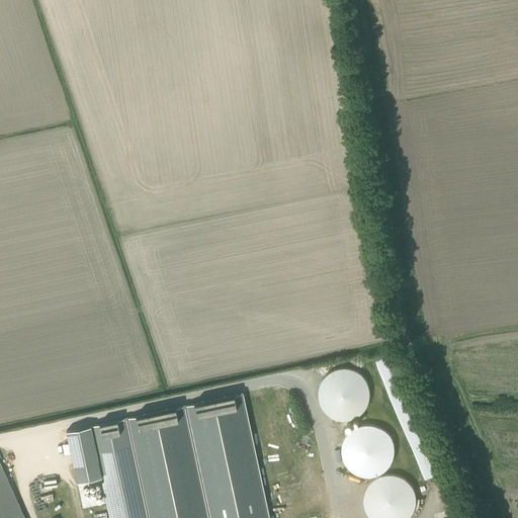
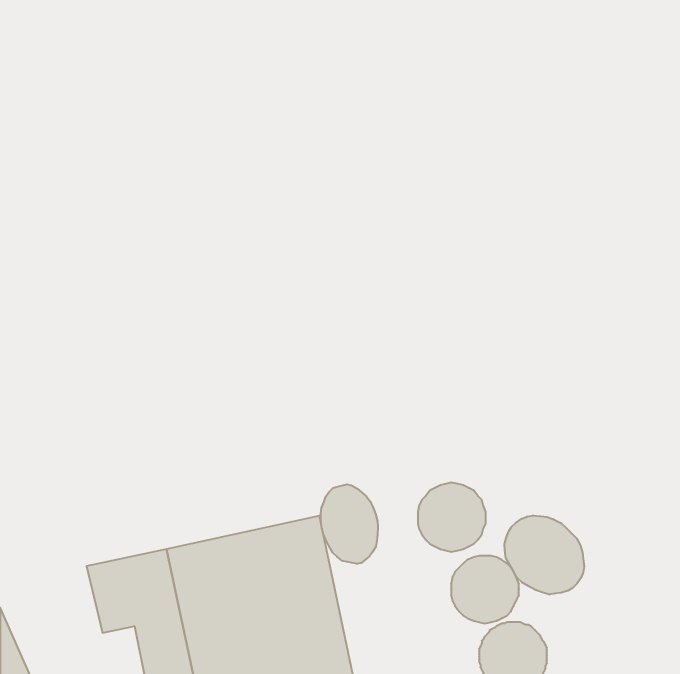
building: none -> [321,484,378,564]
building: none -> [504,515,584,595]

